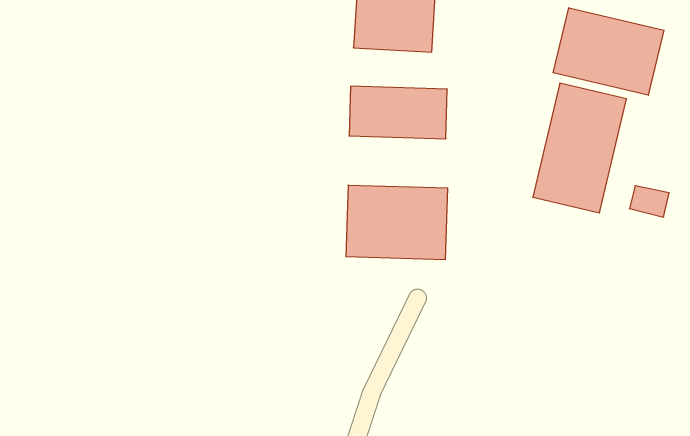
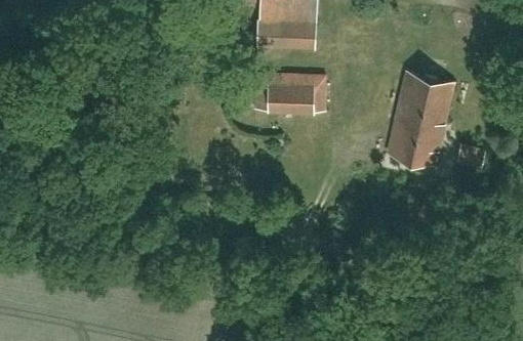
building: [553,8,664,95] -> none
building: [346,185,448,260] -> none

